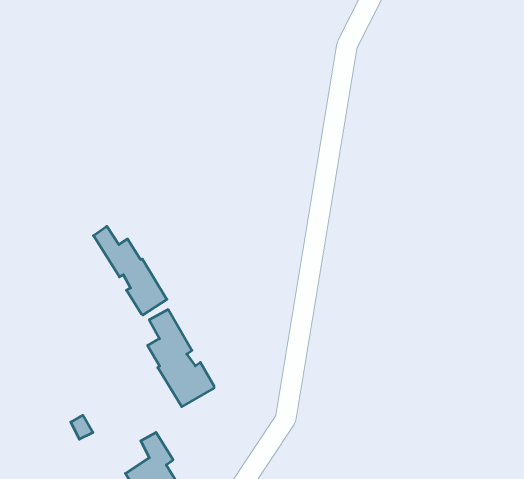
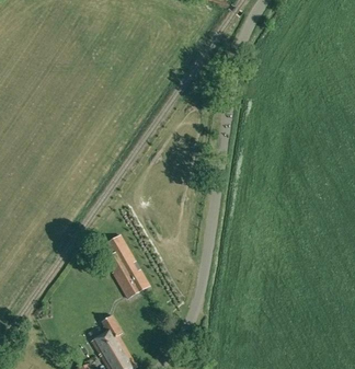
building: [93,226,167,315] -> none

